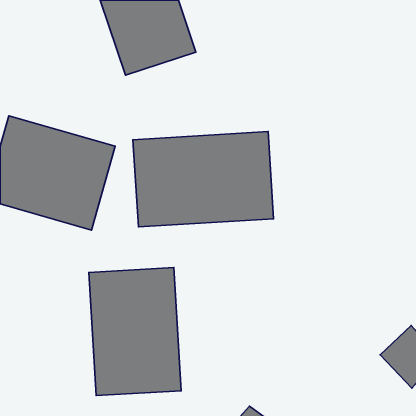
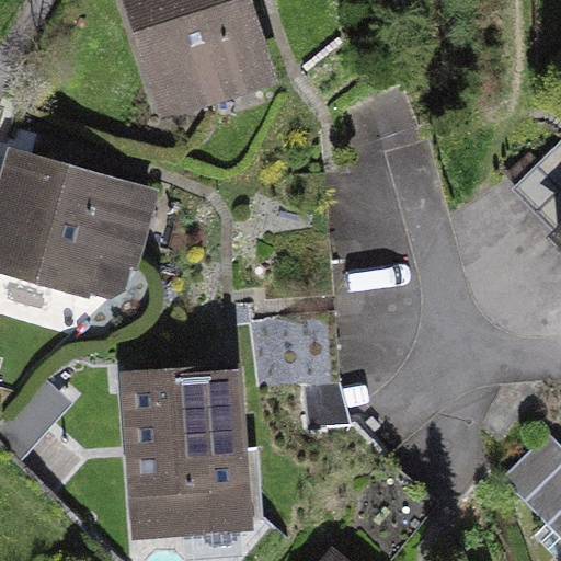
building: [133,132,274,227] -> none

